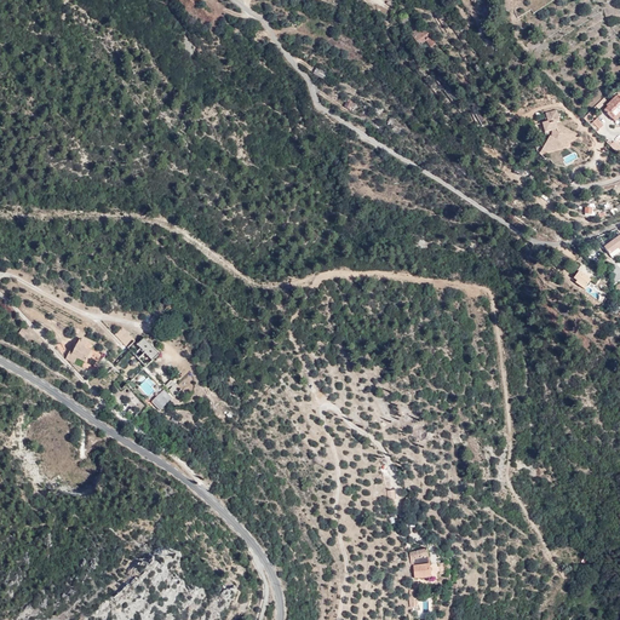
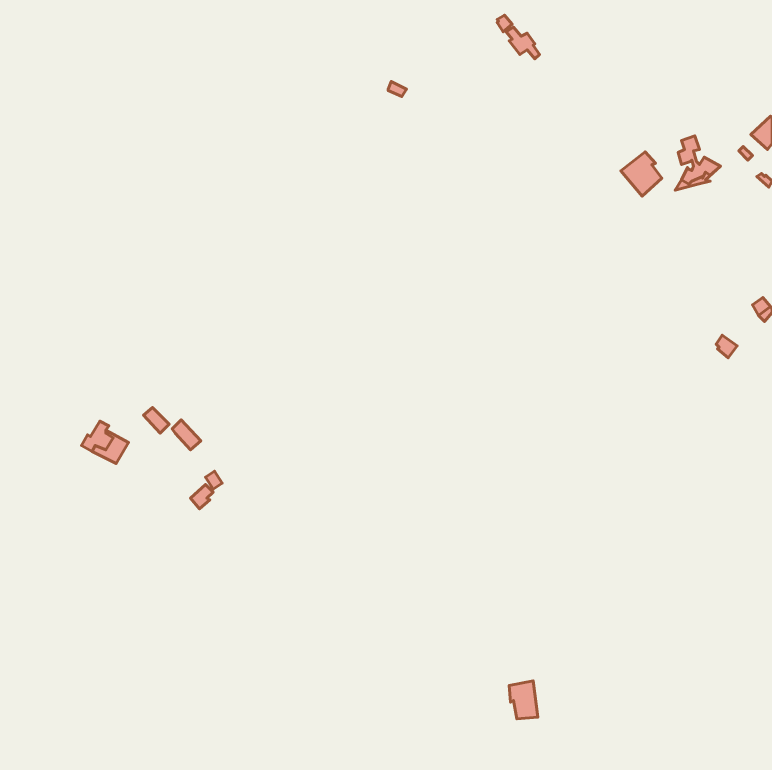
building: none -> [621,152,662,196]

